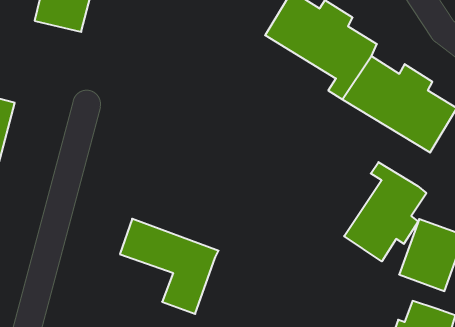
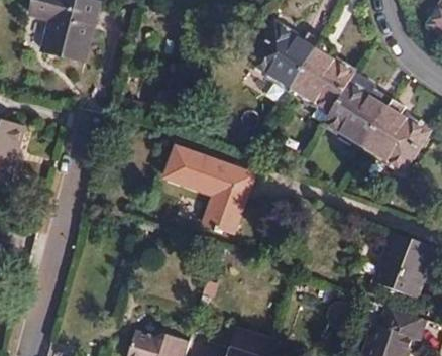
building: [344,162,426,261] -> none
building: [120,219,219,314] -> [165,145,255,232]

